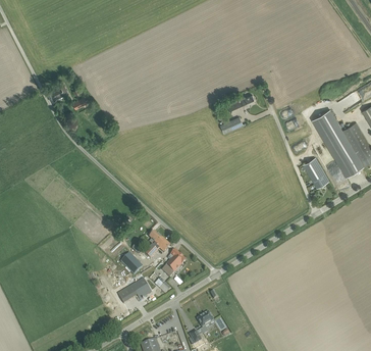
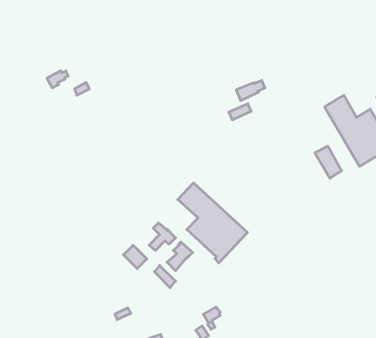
building: none -> [178,183,247,263]
building: [117,278,152,303] -> none

